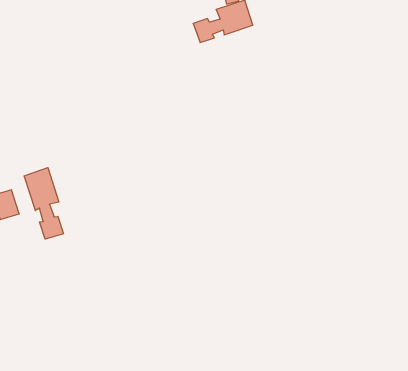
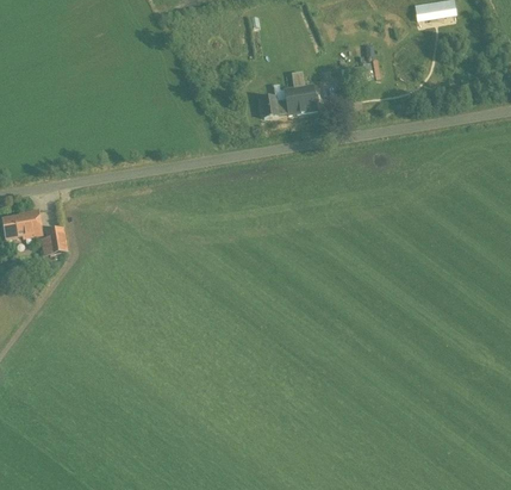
building: [24,168,63,239] -> none

